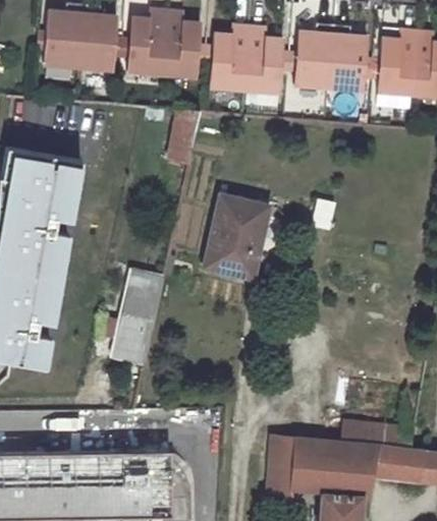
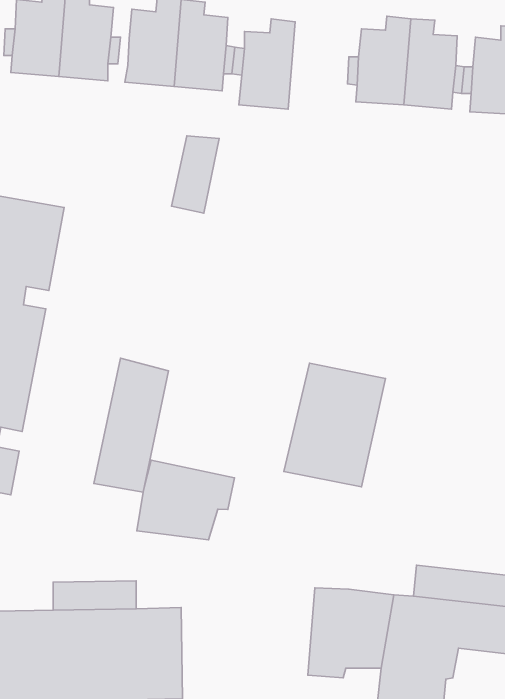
building: [249,27,287,93] -> none
building: [198,193,271,283] -> [284,363,385,487]
building: none -> [137,460,235,540]

